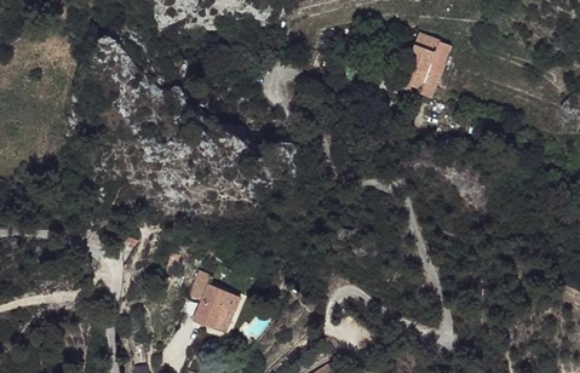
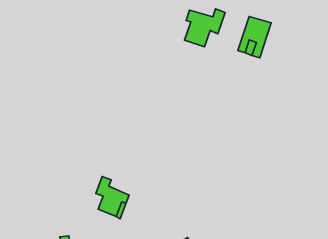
building: none -> [184,9,225,47]

